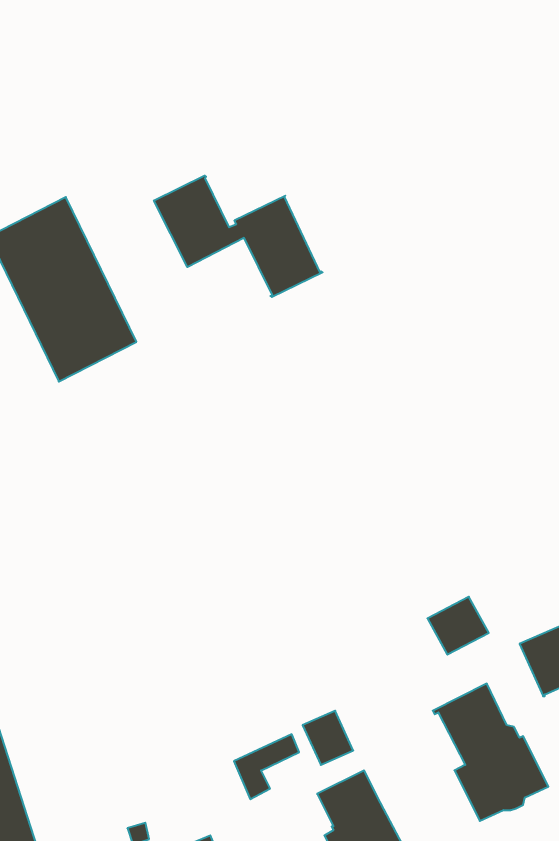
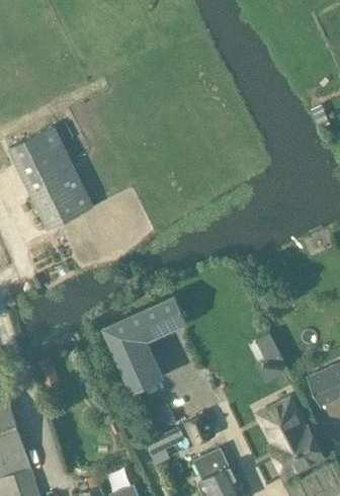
building: [154,176,323,297] -> none
building: none -> [102,296,186,393]

